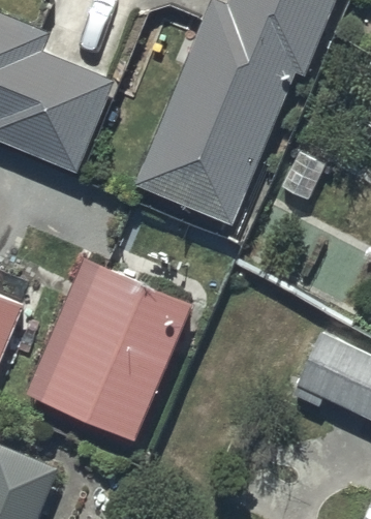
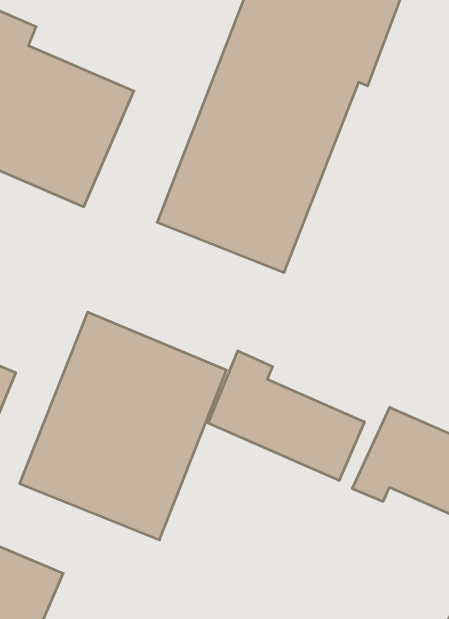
building: none -> [208,351,364,481]

